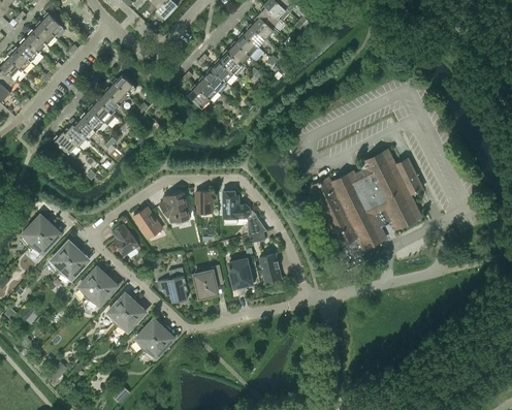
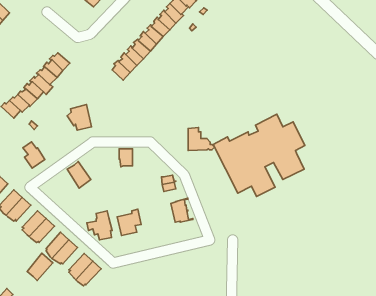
building: [223,190,255,218] -> [188,128,214,151]
building: [159,191,189,222] -> [67,105,92,130]
building: [111,223,138,255] -> [23,142,45,168]
building: [229,258,255,288] -> none
building: none -> [27,253,53,280]

